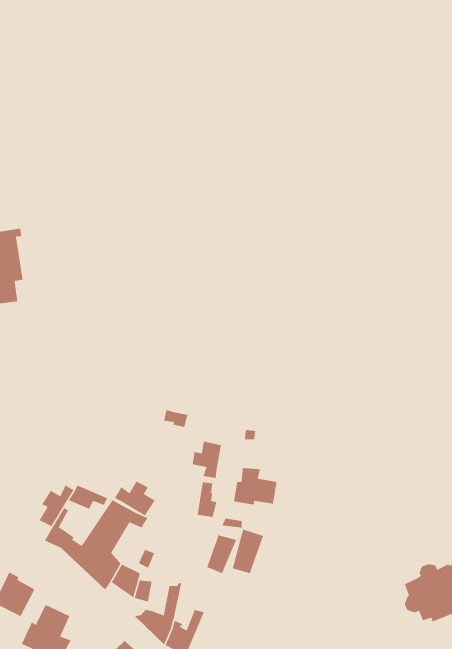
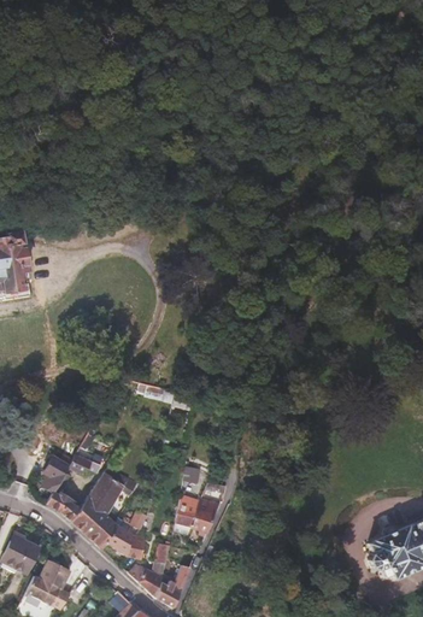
building: [192,441,222,479] -> none
building: [233,467,277,505] -> none
building: [114,480,156,516] -> none
building: [232,529,264,574] -> [172,493,201,534]

